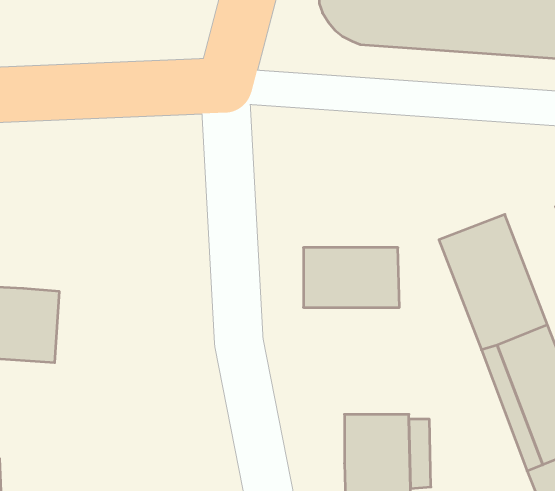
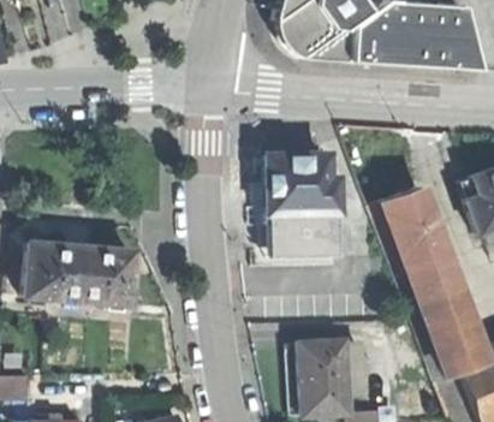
building: none -> [268,153,340,212]
building: none -> [78,245,133,303]

